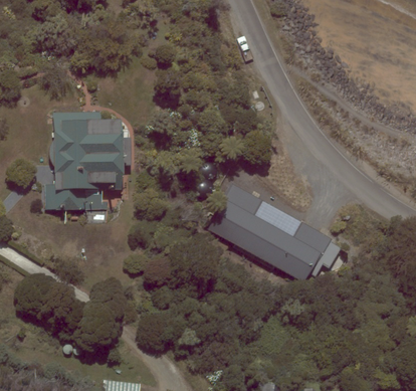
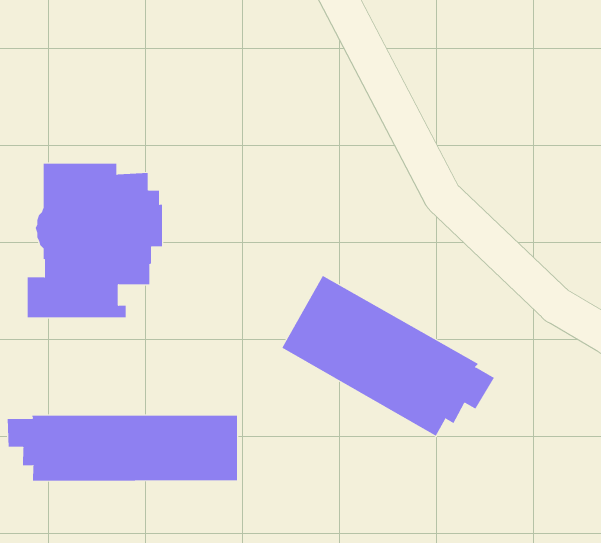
building: none -> [7,415,238,482]

